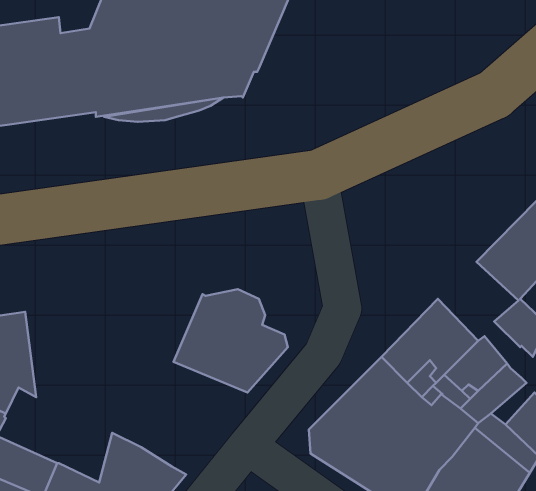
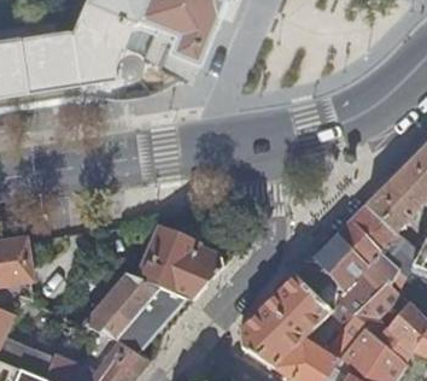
building: none -> [335,205,397,285]
building: none -> [81,275,193,358]

